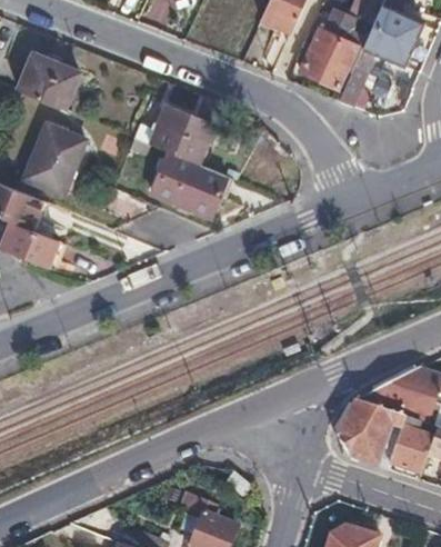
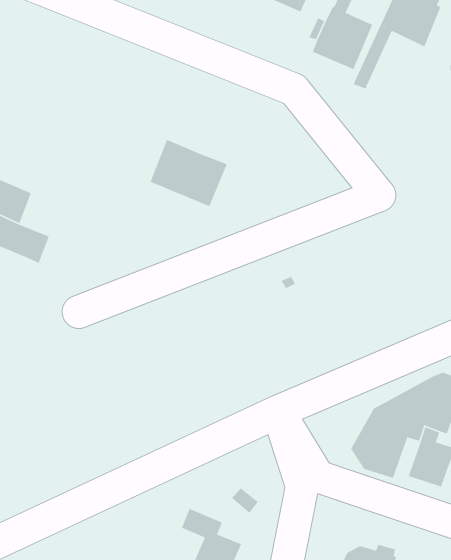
building: [18,53,80,110] -> none
building: [150,106,214,165] -> none
building: [26,125,87,195] -> none

